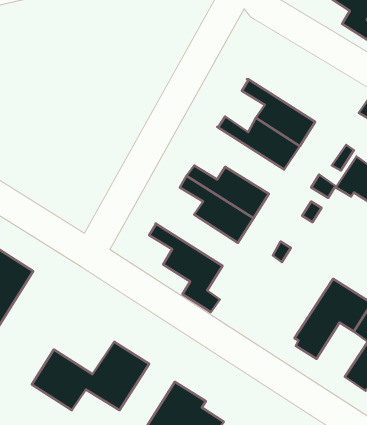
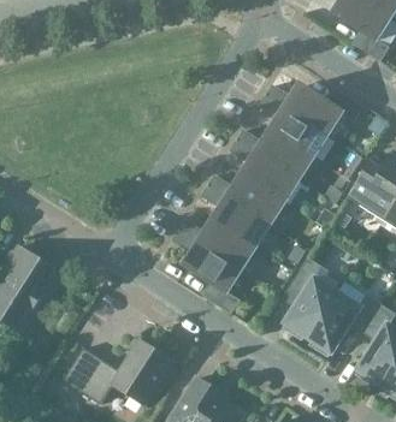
building: none -> [265,85,361,135]
building: none -> [230,139,299,202]
building: none -> [178,220,255,269]
building: none -> [282,257,337,339]

